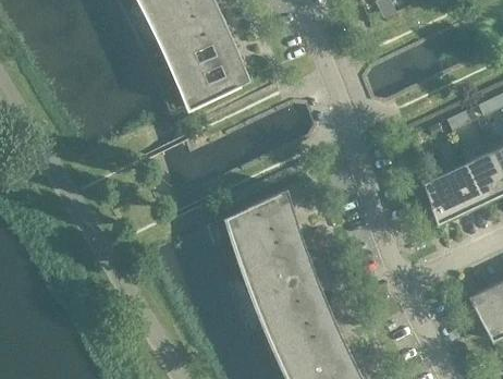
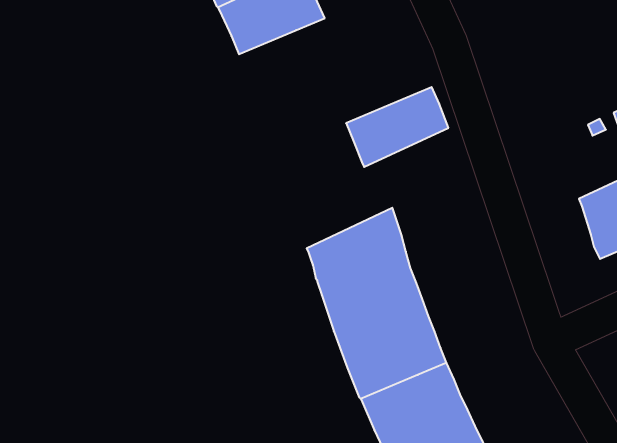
building: [176,52,250,110] -> [346,87,448,167]

